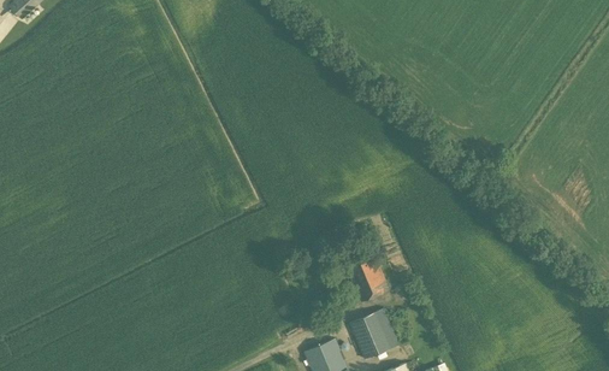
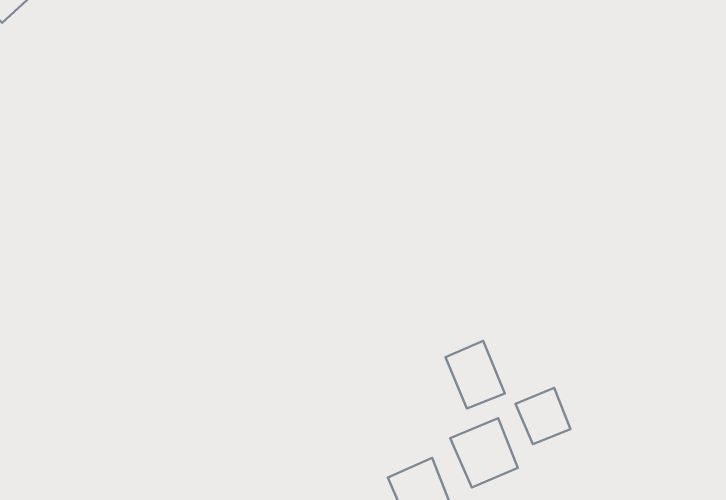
building: none -> [515,388,570,444]

